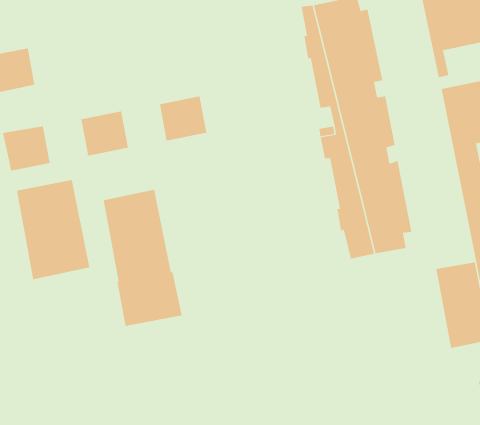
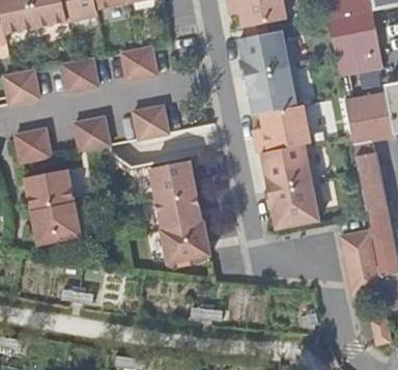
building: none -> [121,45,158,79]
building: none -> [63,56,98,90]
building: [103,189,182,327] -> [150,158,210,261]

